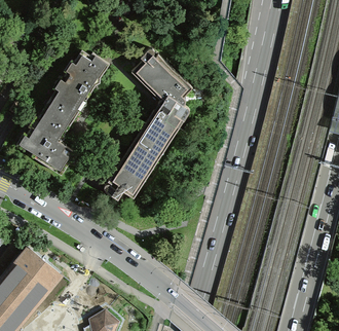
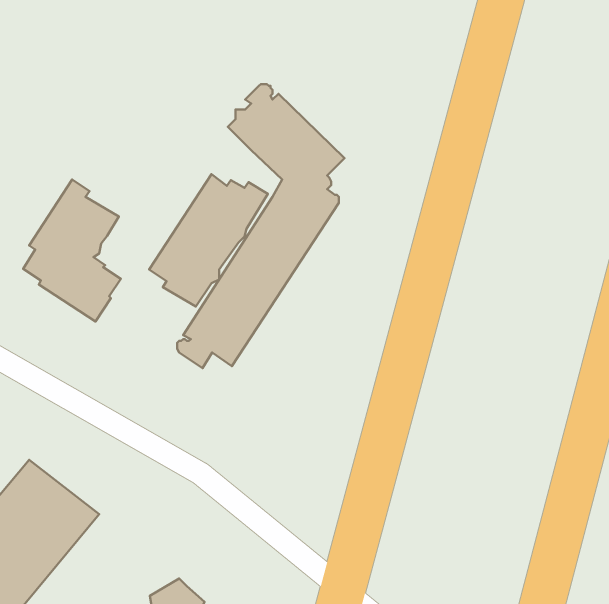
building: [48,49,111,119] -> [149,174,268,307]

